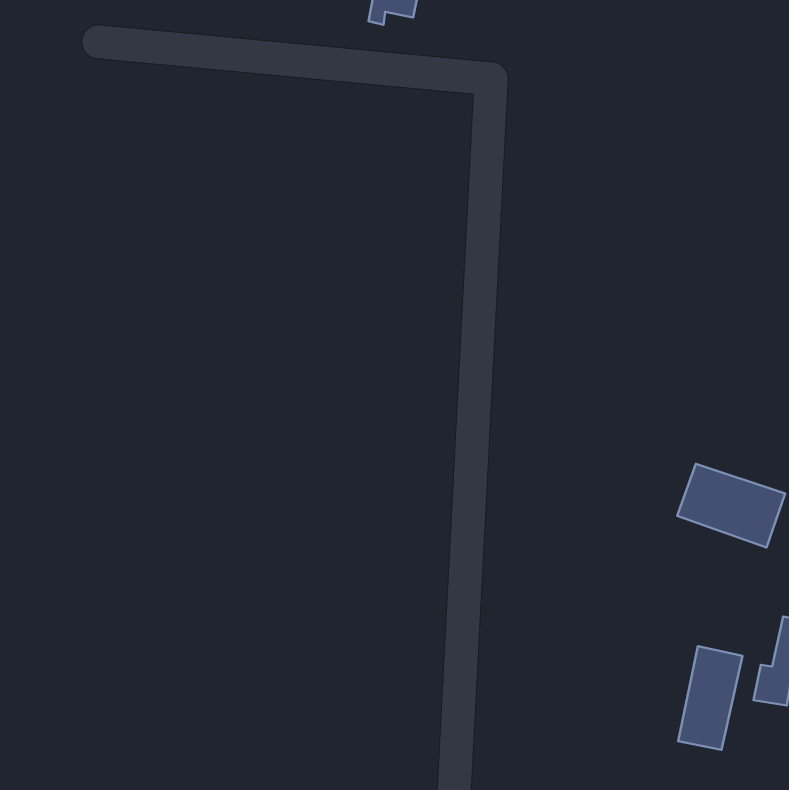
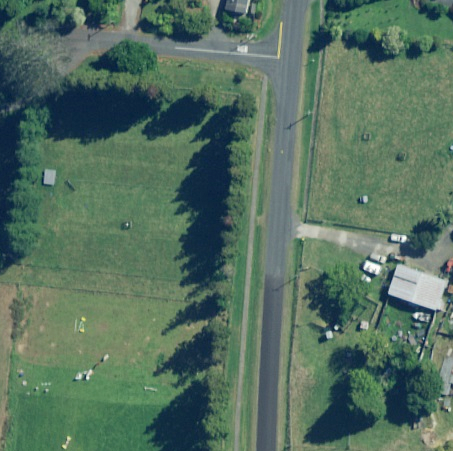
building: [678,646,742,750] -> none

